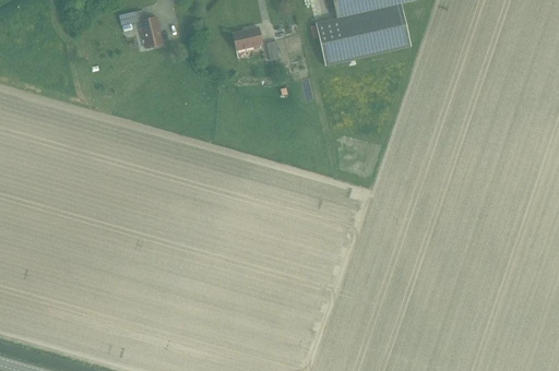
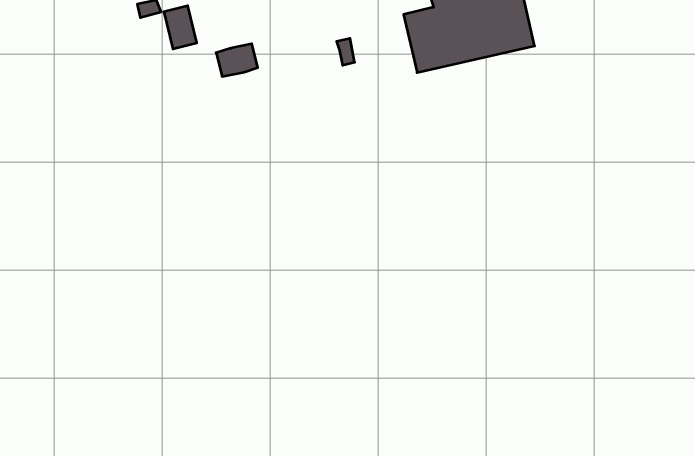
building: [231,25,262,49] -> [216,44,258,76]

